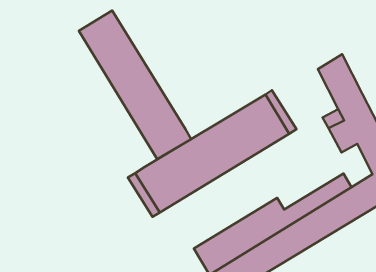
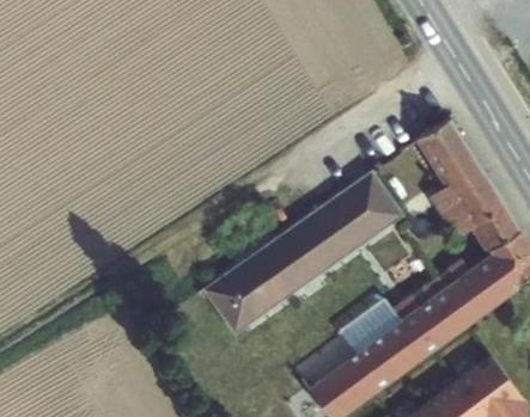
building: [79,10,191,159] -> none

